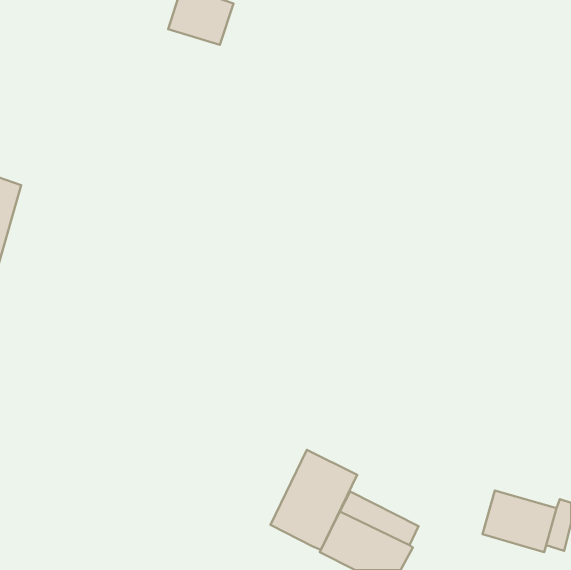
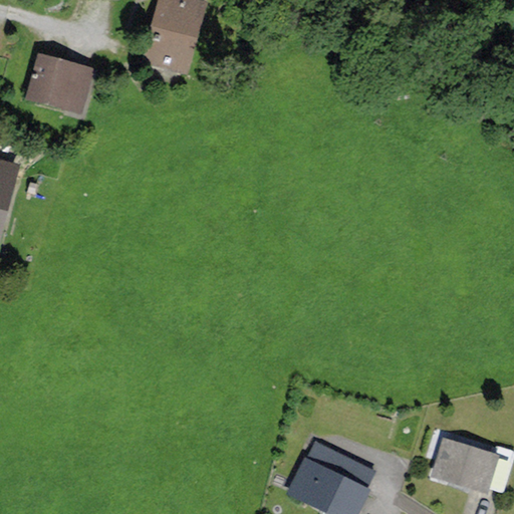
building: none -> [140,26,197,76]
building: none -> [27,55,93,113]
building: [270,450,357,550] -> none

